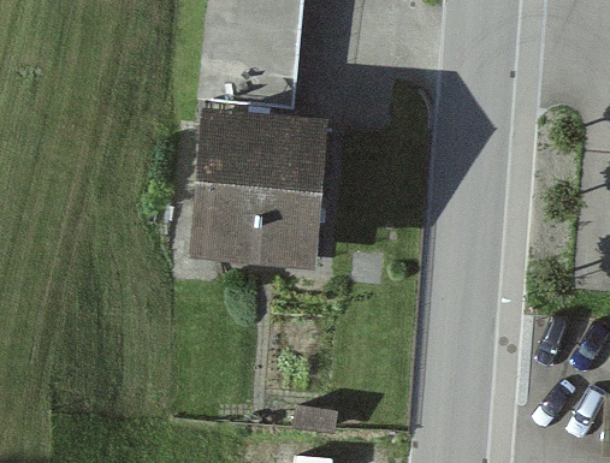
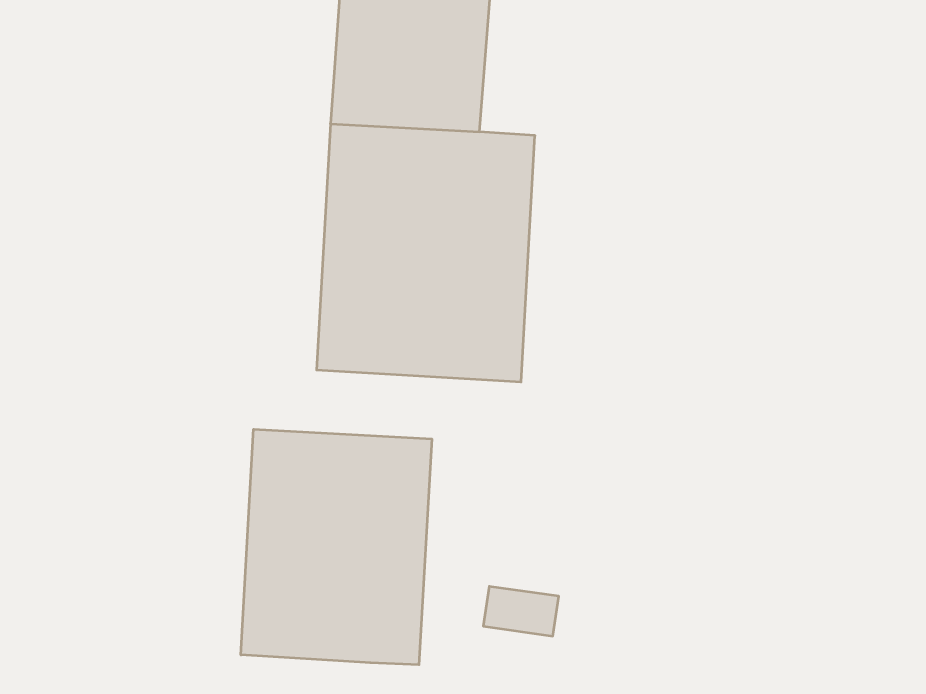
building: none -> [241,429,432,665]

